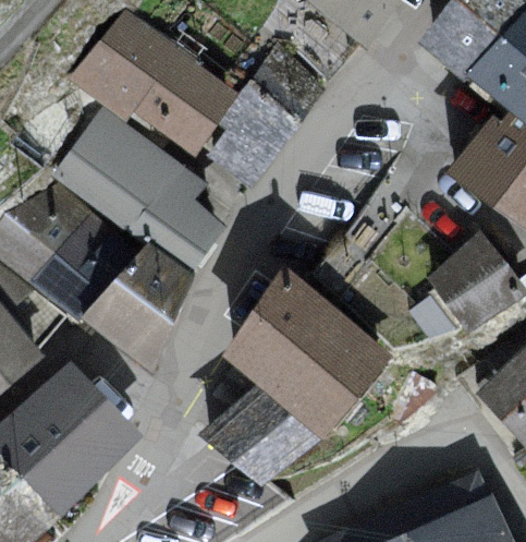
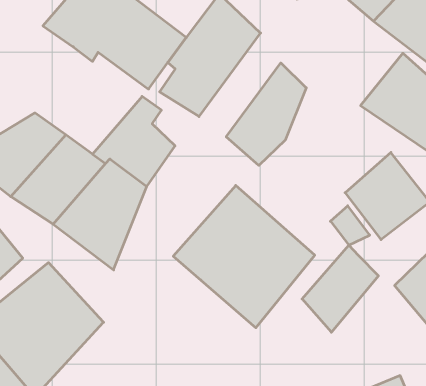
building: [51,105,185,232] -> none
building: none -> [226,63,306,165]
building: none -> [302,245,378,332]
building: [197,382,320,485] -> none

